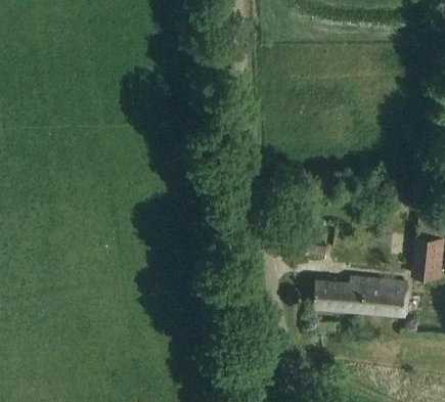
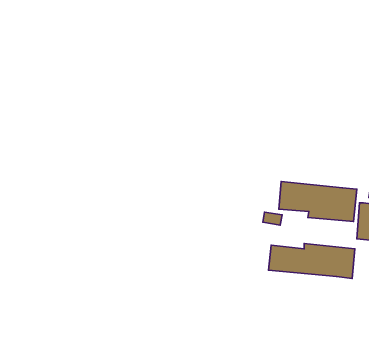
building: none -> [279,182,357,222]

